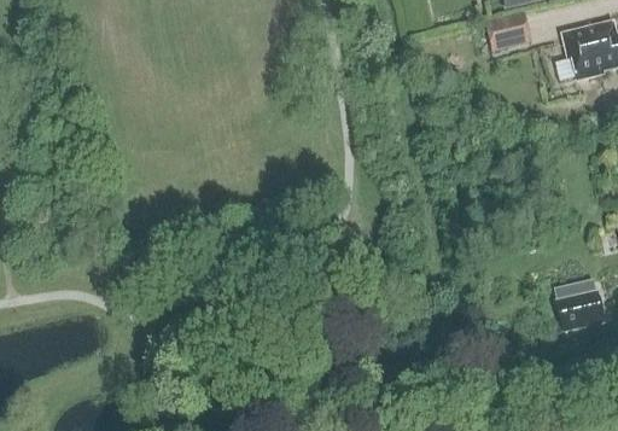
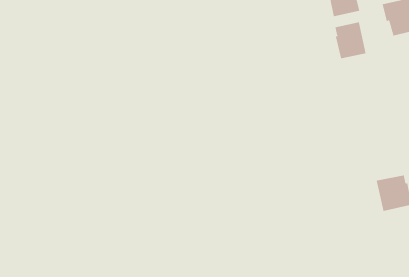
building: none -> [335,21,366,59]

